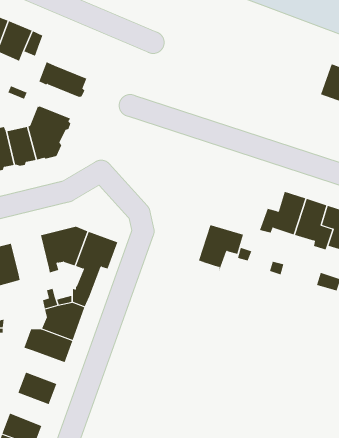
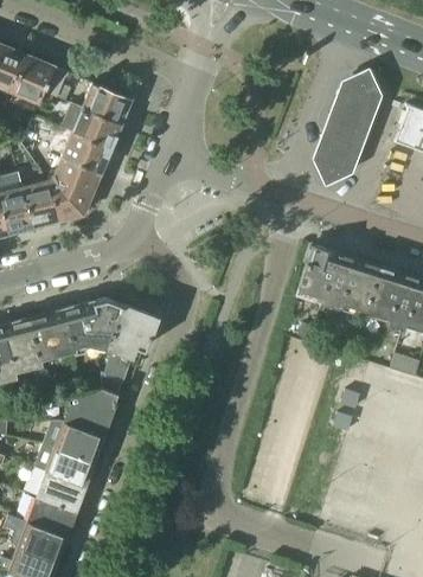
building: none -> [313,69,384,188]
building: none -> [82,83,133,123]
building: none -> [62,130,110,171]
building: [198,224,244,273] -> [299,245,353,303]
building: none -> [30,309,73,357]
building: none -> [34,443,94,486]
building: none -> [27,496,75,536]

